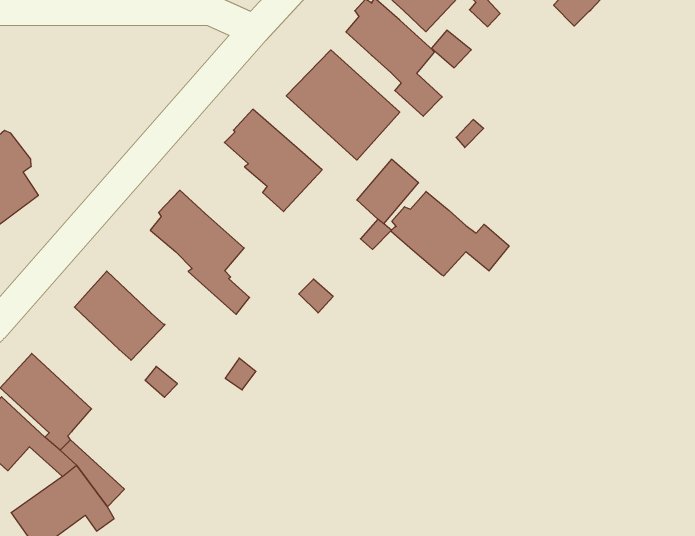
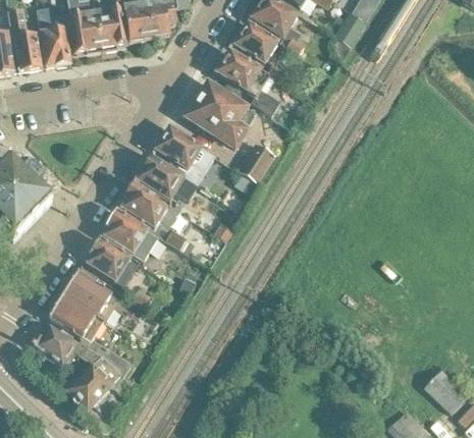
building: none -> [136,154,197,203]
building: [391,191,509,276] -> none
building: none -> [101,209,158,259]
building: none -> [63,264,118,320]

